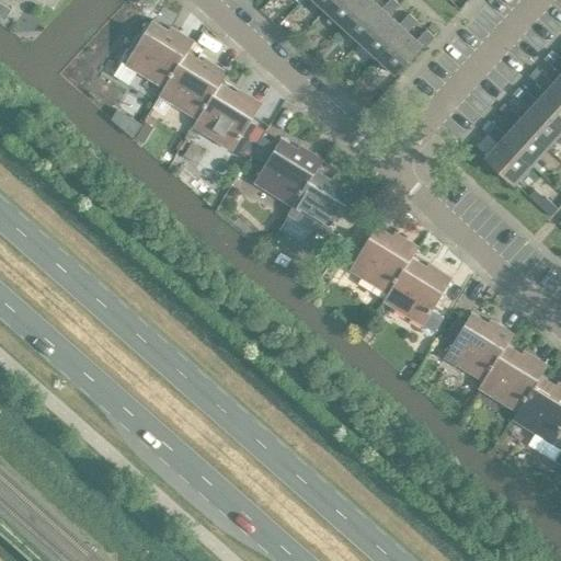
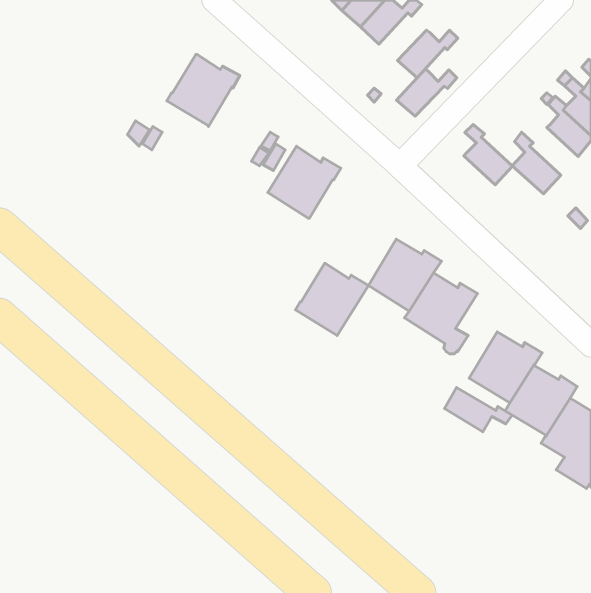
building: [358,12,415,57] -> [397,69,457,116]
building: [113,20,193,88] -> none
building: [192,82,261,150] -> none
building: [501,108,547,165] -> [464,124,512,185]
building: [287,170,356,238] -> [296,263,369,335]
building: none -> [445,388,512,432]

